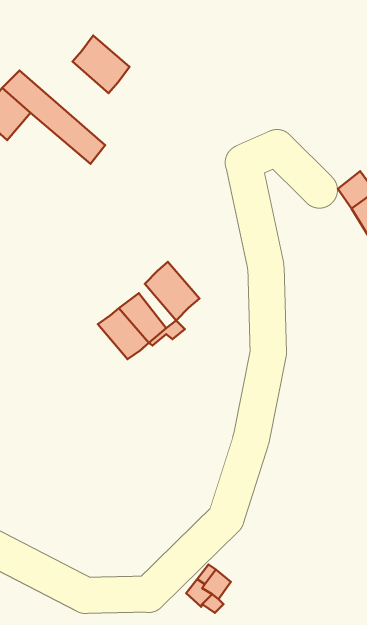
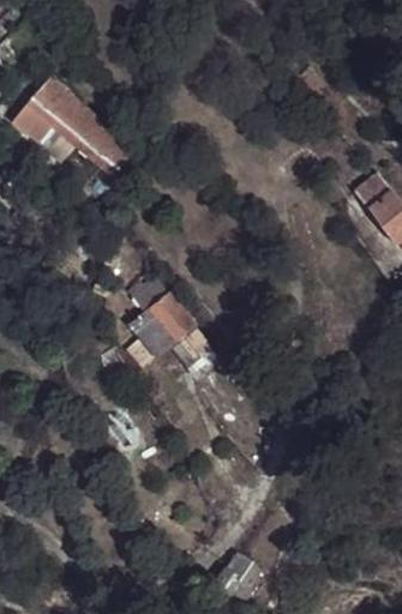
building: [73,35,129,93] -> none
building: [145,262,199,321] -> none

